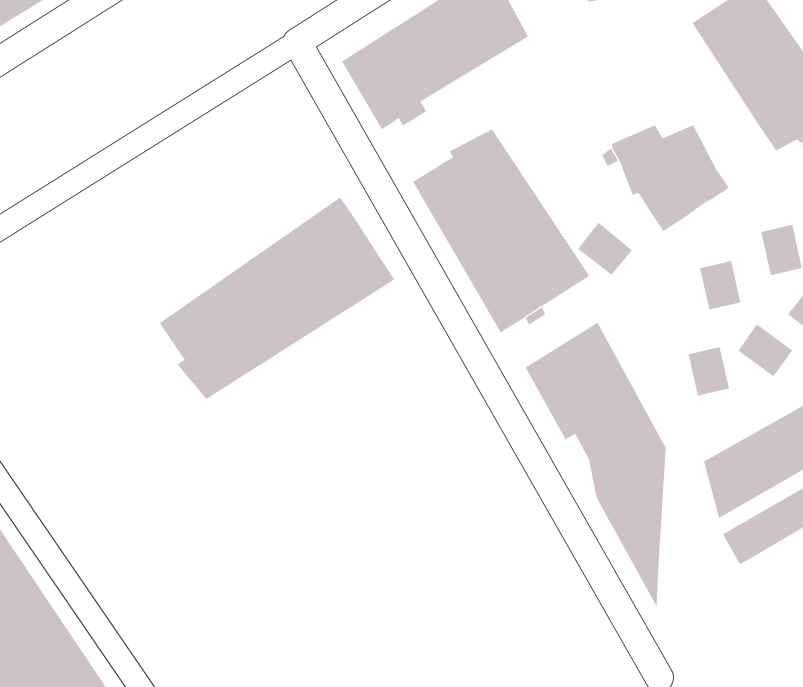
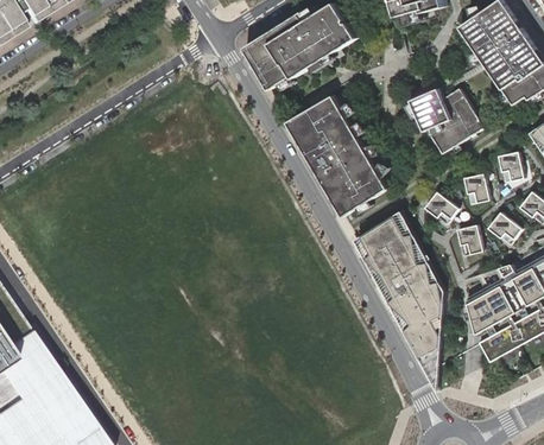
building: [159,197,395,400] -> none
building: [577,222,633,276] -> [425,190,460,223]

